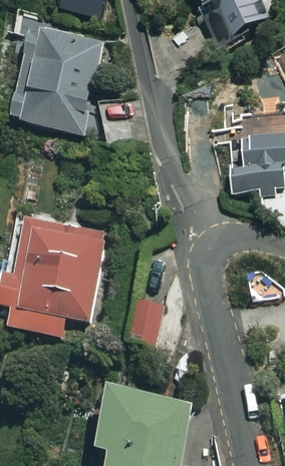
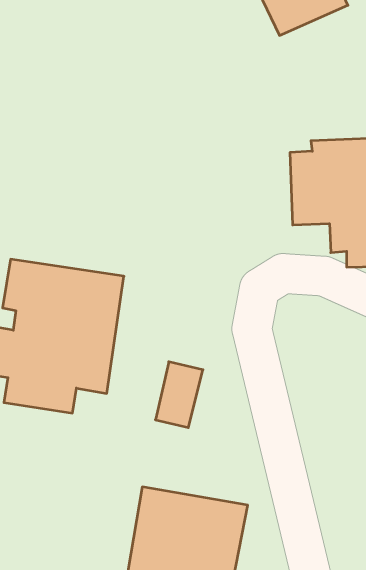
building: [11,24,100,132] -> none

